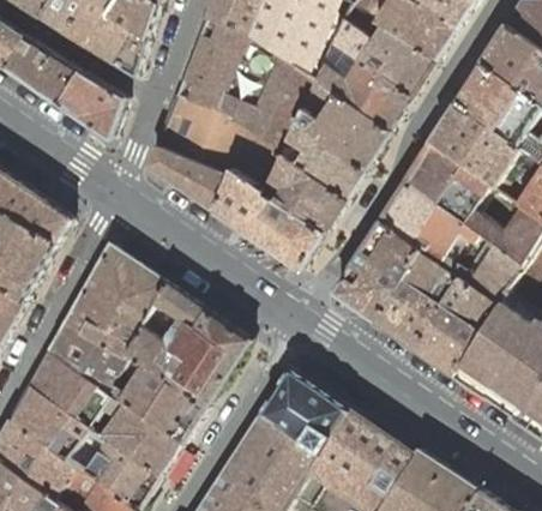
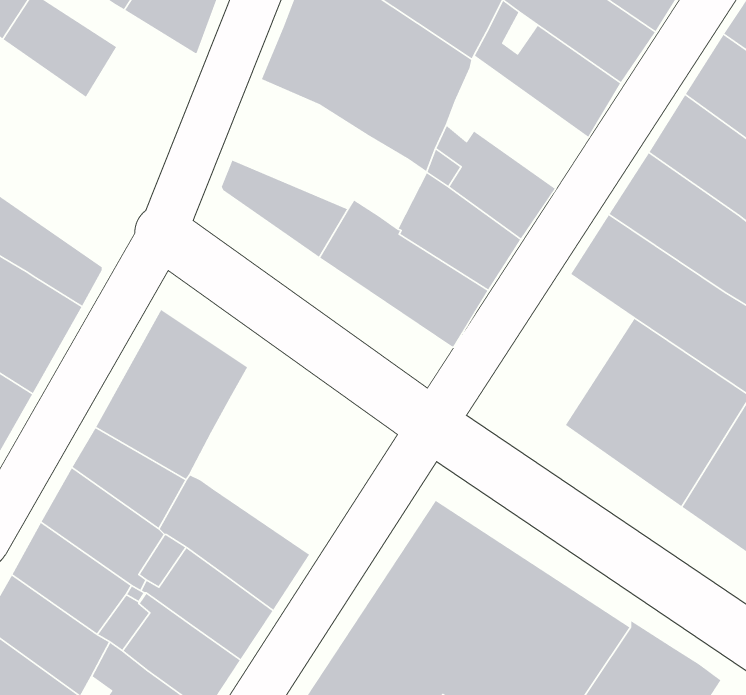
building: [59,71,125,138] -> none
building: [296,77,390,164] -> none
building: [155,92,271,182] -> none
building: [333,221,420,320] -> none
building: [127,282,248,405] -> none

